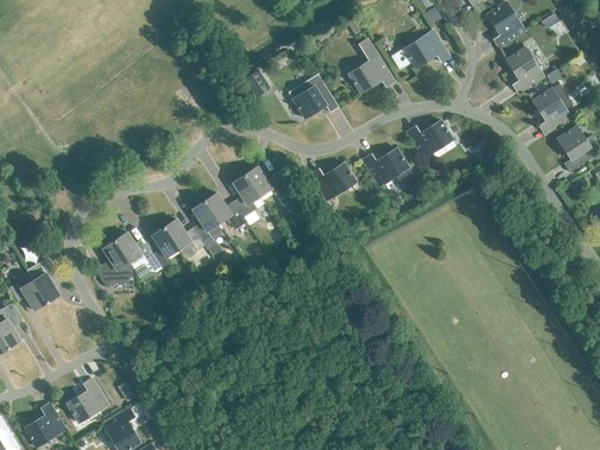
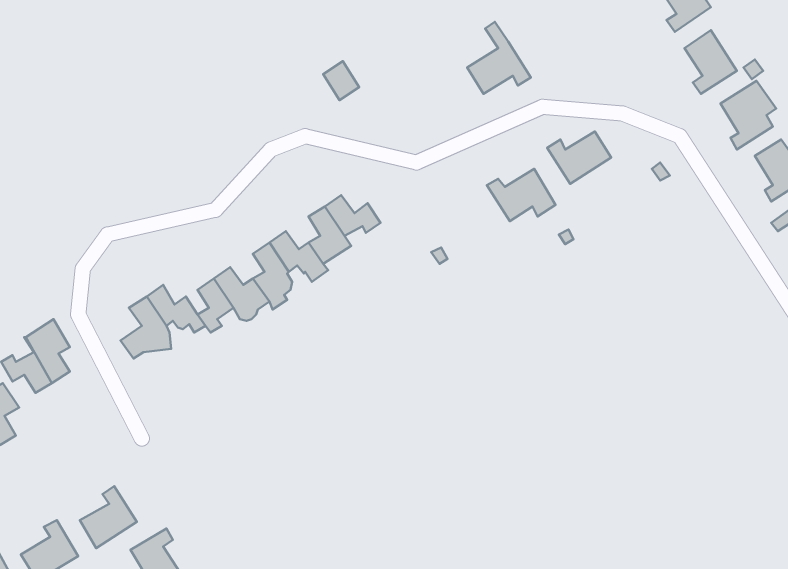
building: [392,30,449,69] -> none
building: [289,74,339,118] -> none
building: [310,163,356,201] -> none

